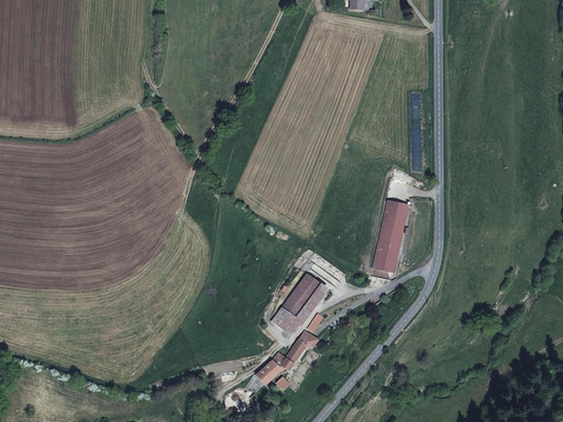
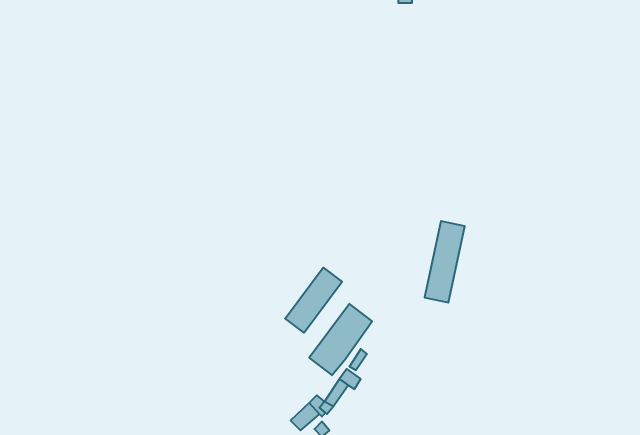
building: none -> [285,268,342,333]

